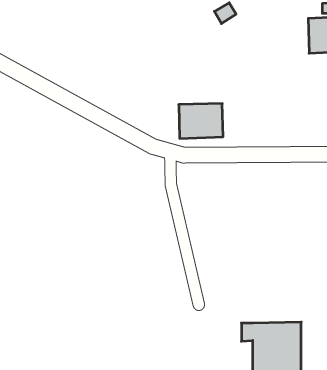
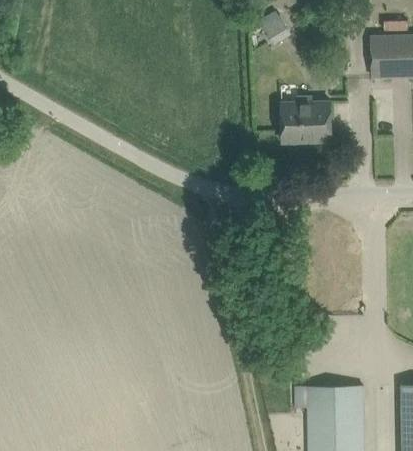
building: [179,104,223,138] -> [281,102,332,142]

